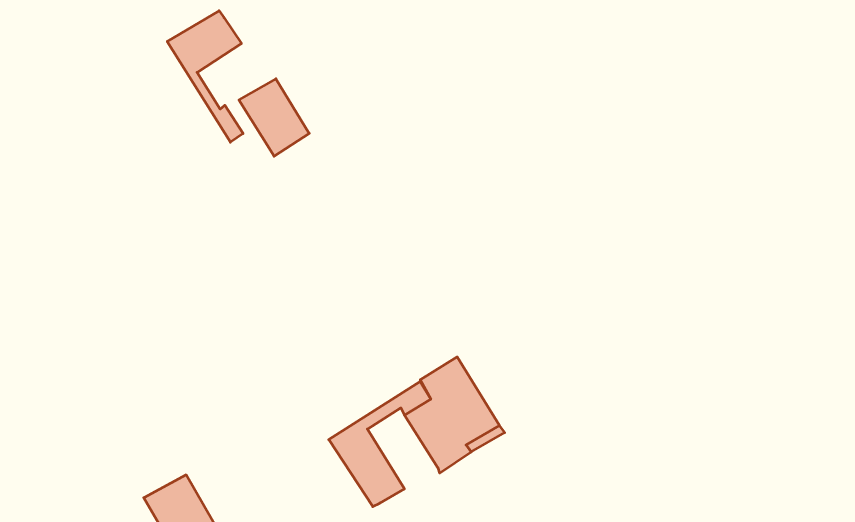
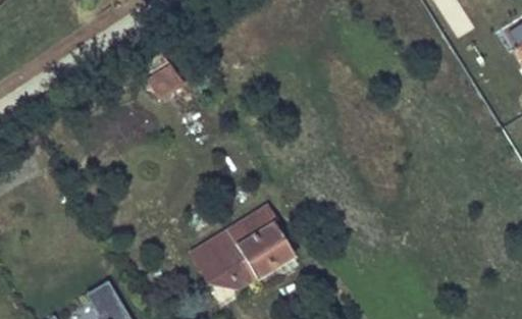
building: [167,11,243,142] -> none
building: none -> [215,241,256,287]

